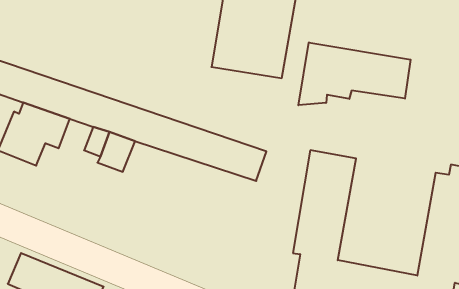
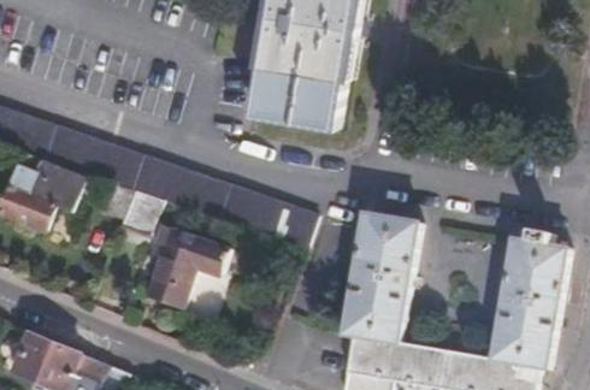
building: [298,42,411,105] -> none
building: none -> [146,224,229,308]

